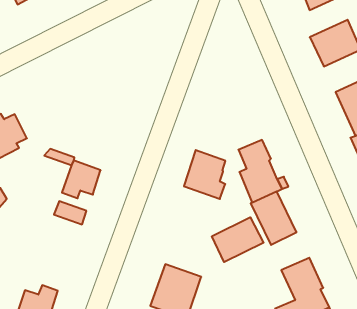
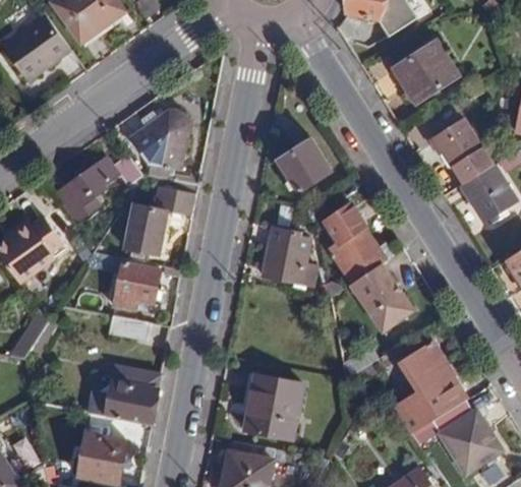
building: none -> [131,111,186,168]
building: none -> [57,155,141,221]
building: none -> [278,139,330,188]
building: none -> [125,182,196,254]
building: [212,217,264,262] -> none
building: none -> [86,366,160,425]

